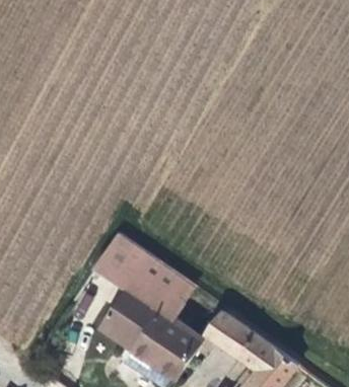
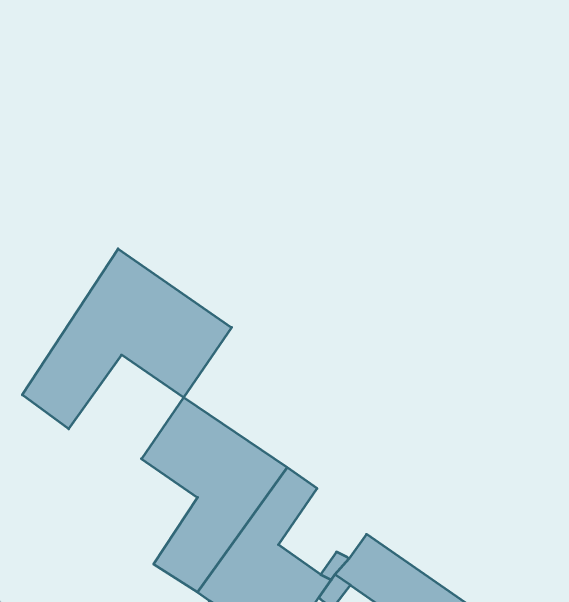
building: none -> [22,249,232,429]

